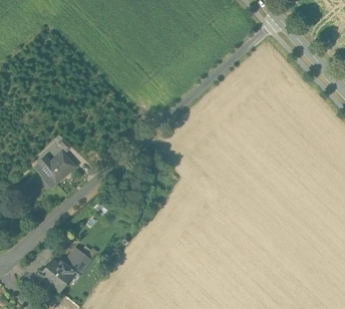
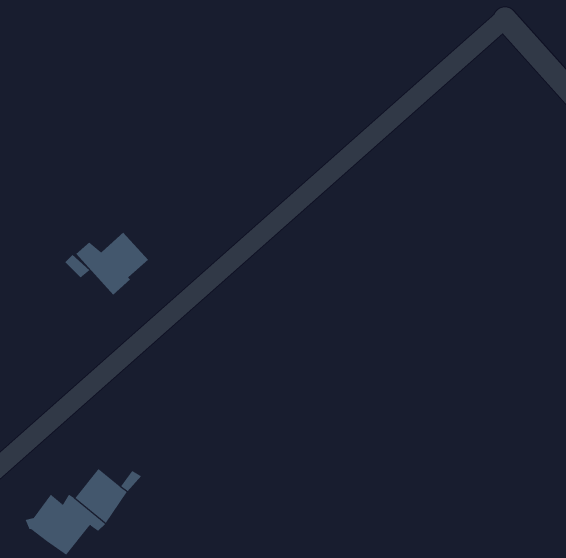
building: [36,152,73,185] -> [75,232,149,295]

